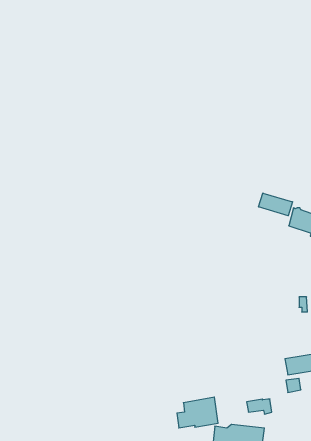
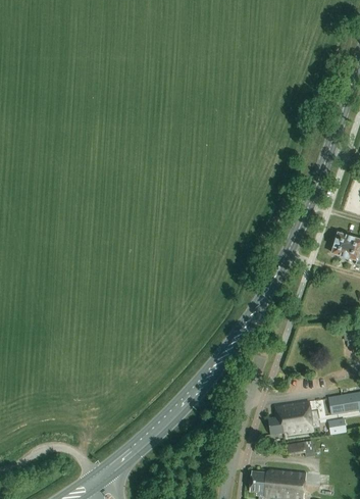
building: [259,193,293,216] -> none
building: [177,397,218,428] -> [268,401,313,435]

